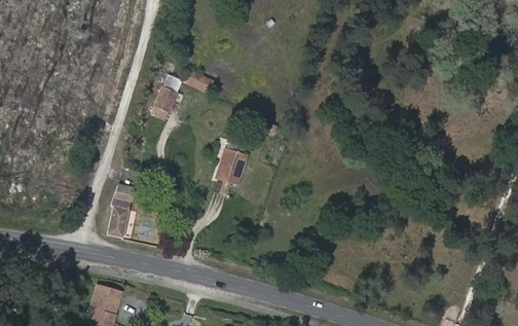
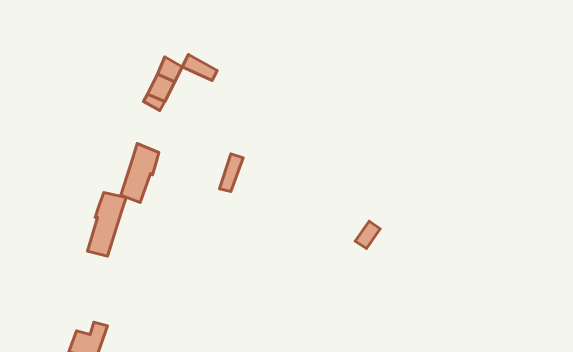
building: none -> [121,144,159,203]
building: [223,148,246,182] -> none

